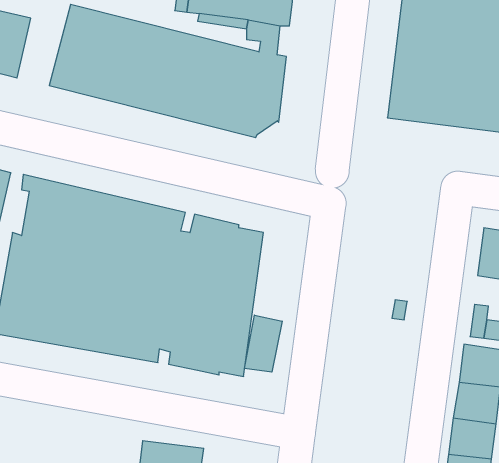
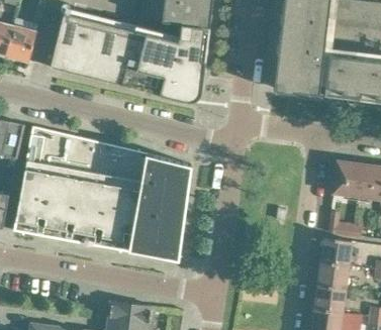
building: [245,315,282,372] -> none

